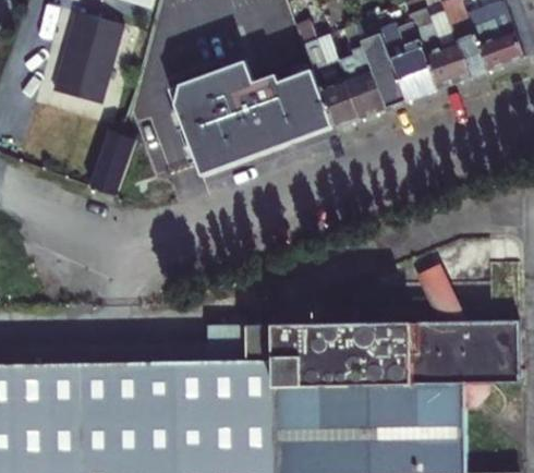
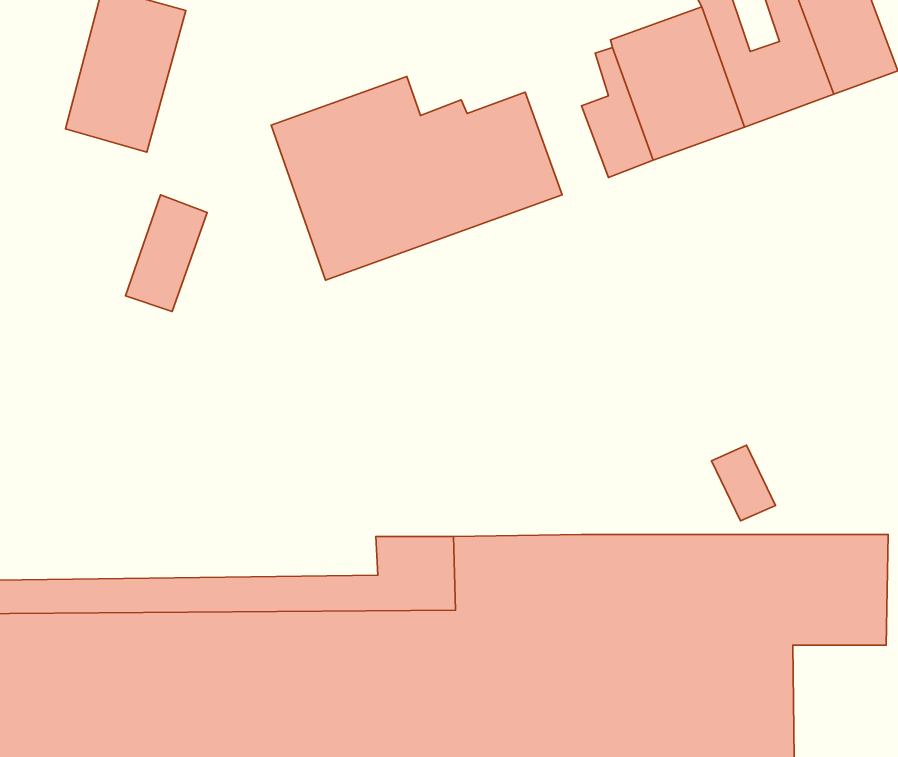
building: [296,24,360,129] -> none

